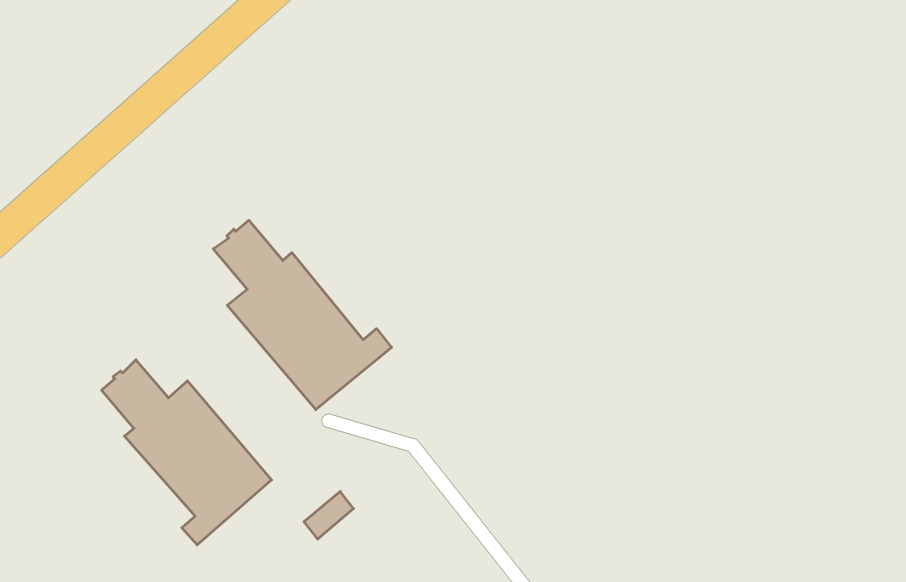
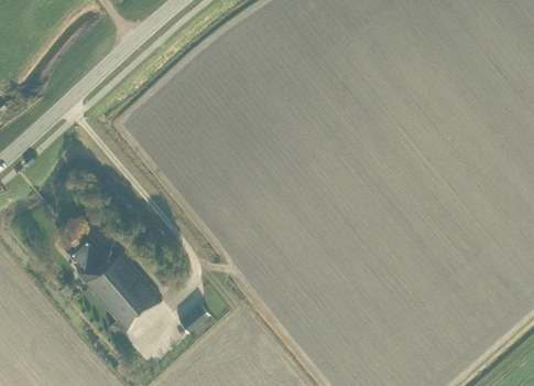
building: [213,220,392,410] -> none

